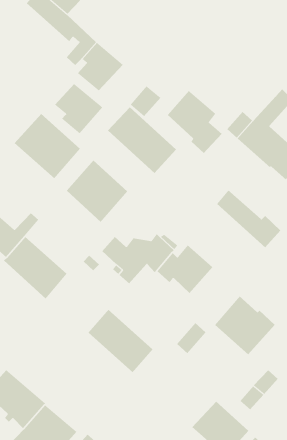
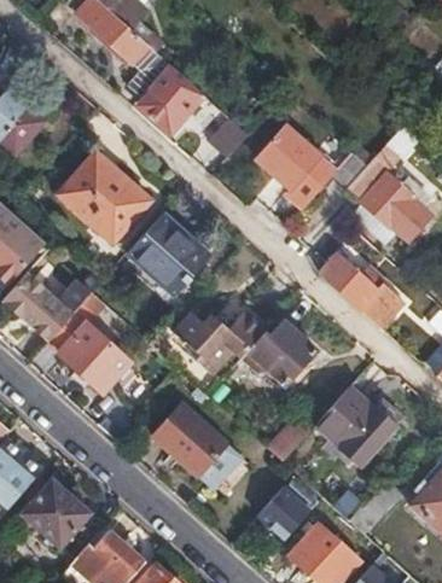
building: [54,83,103,134] -> none
building: [107,106,177,174] -> none
building: none -> [254,489,309,544]

